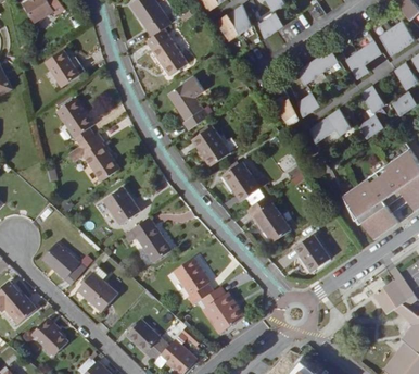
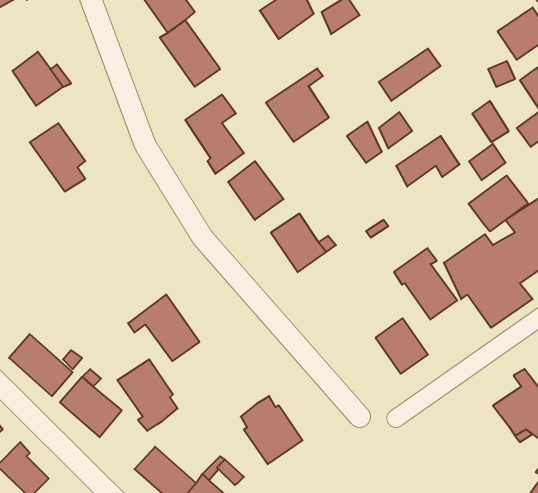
building: [343,39,380,78] -> none
building: none -> [266,68,329,142]
building: [78,135,119,182] -> none
building: none -> [469,176,528,231]
building: [103,186,140,225] -> none
building: [246,192,290,241] -> [394,248,457,320]
building: [170,258,212,307] -> [117,359,178,431]

